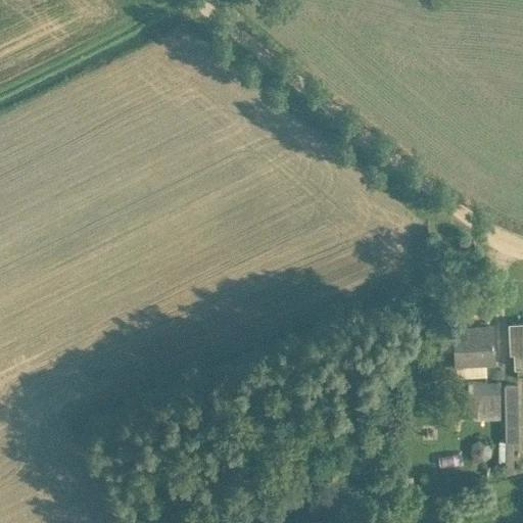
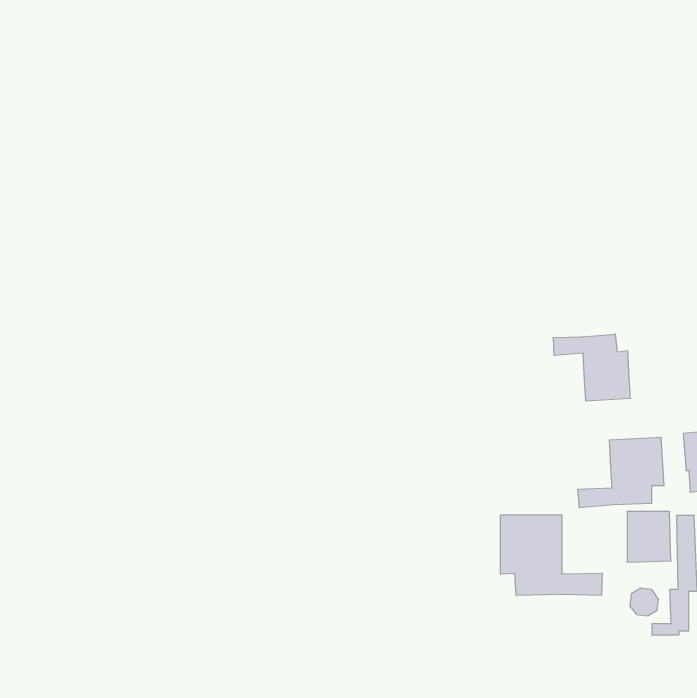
building: none -> [554,334,630,401]
building: none -> [500,515,602,595]

